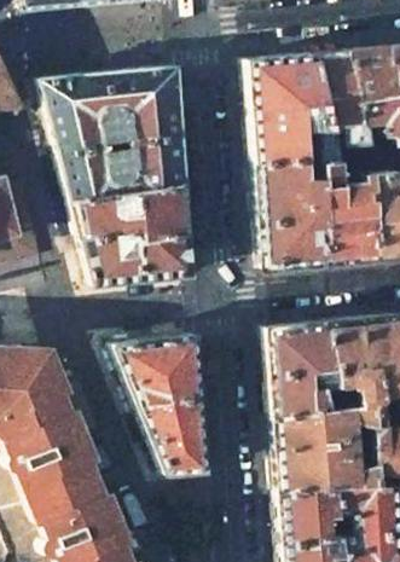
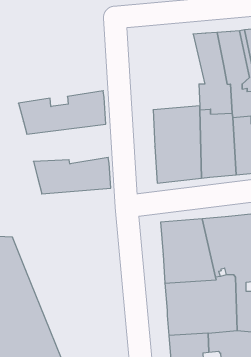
building: [248,53,330,163] -> none
building: [40,66,182,153] -> none
building: [71,184,190,242] -> none
building: [112,334,207,475] -> none

